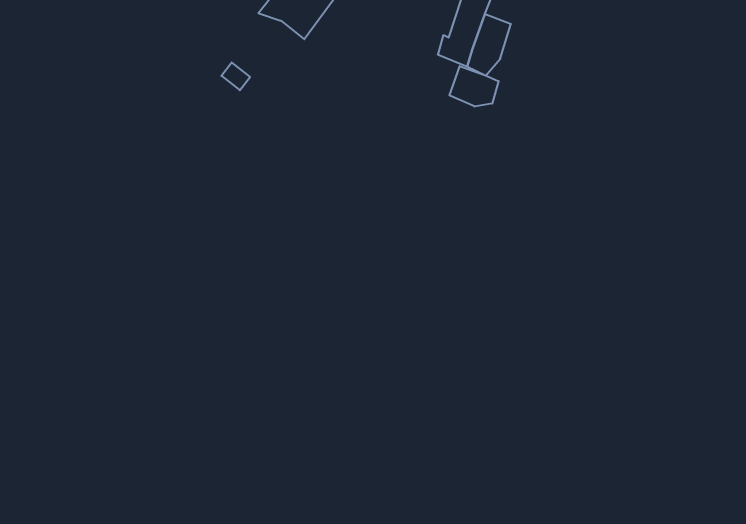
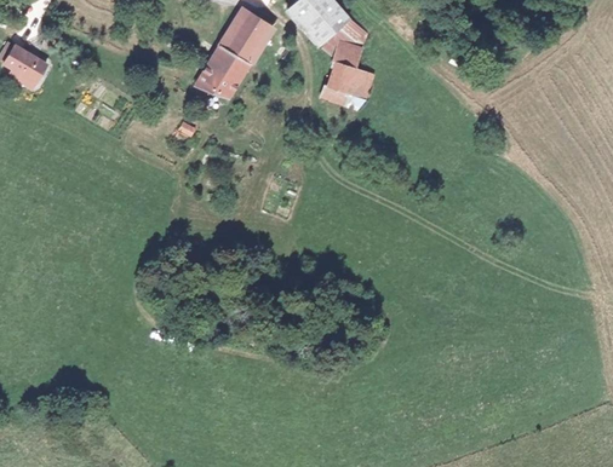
building: [449,66,499,107] -> none

